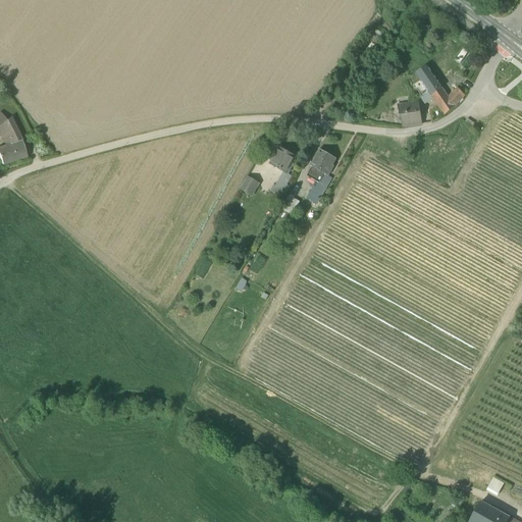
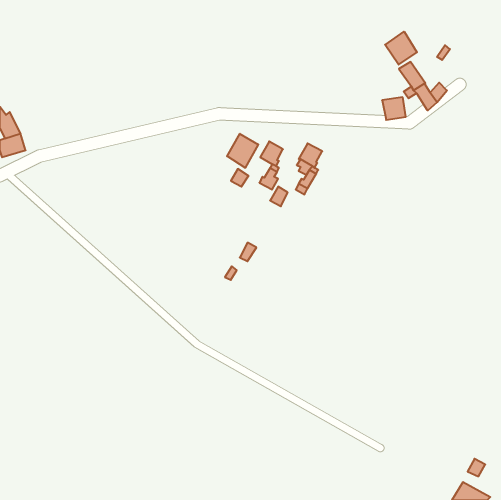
building: none -> [385,32,417,65]
building: none -> [227,134,258,168]

